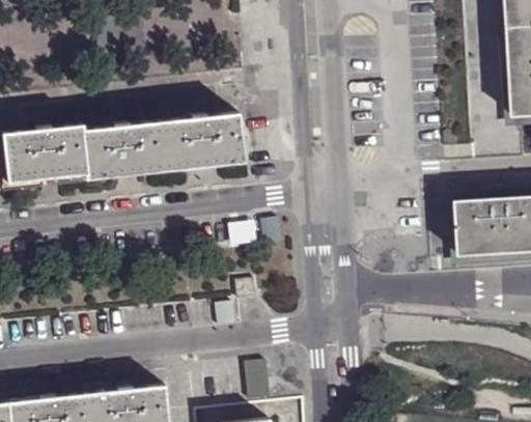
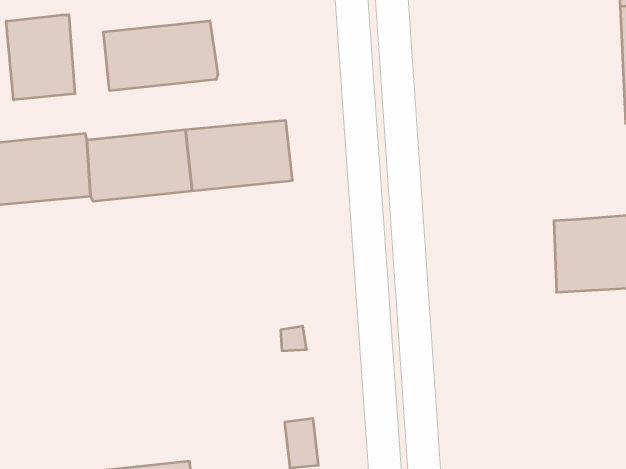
building: none -> [6,15,75,100]
building: none -> [103,21,218,91]

